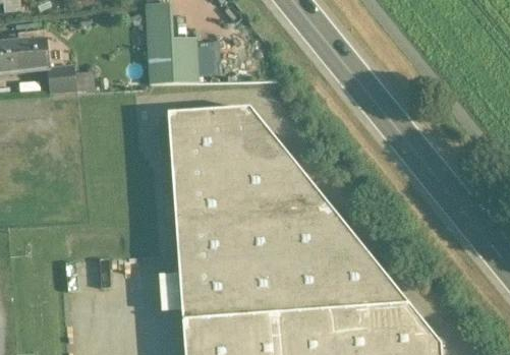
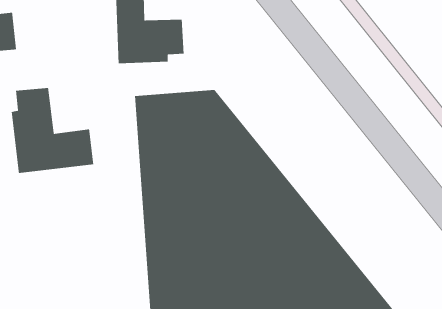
building: [48,67,77,96] -> none
building: none -> [11,87,94,174]

